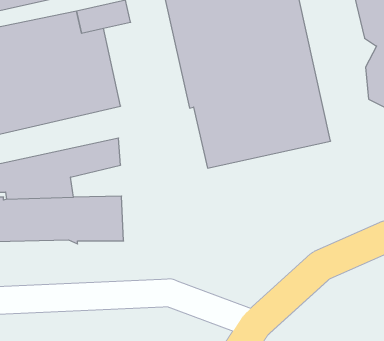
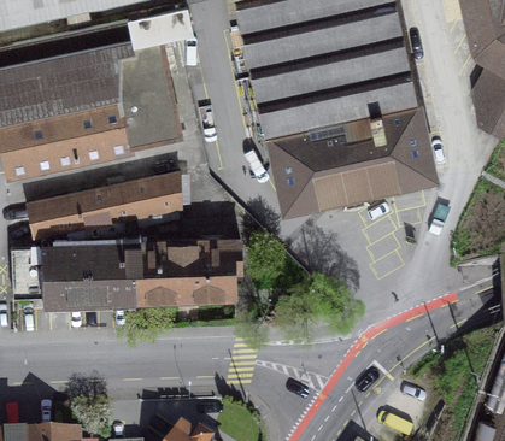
building: none -> [181,239,240,295]

